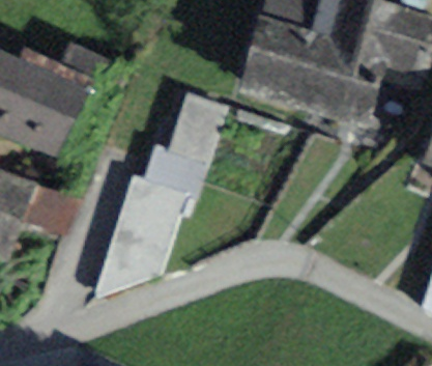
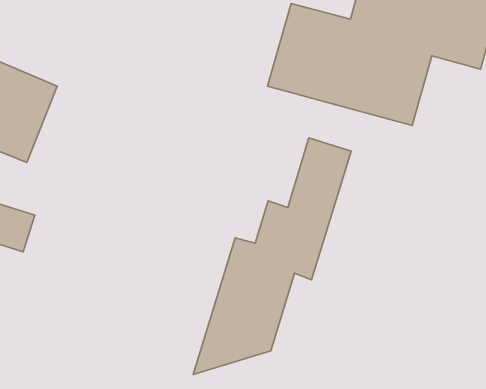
building: [98,93,223,280] -> [193,138,351,375]

